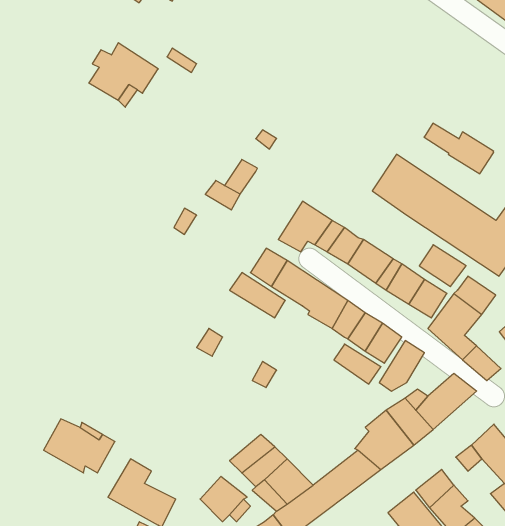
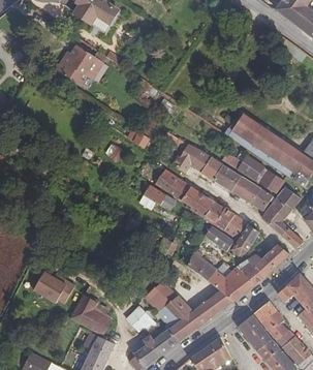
building: [424,123,494,174] -> [223,150,264,180]
building: none -> [187,252,226,288]

